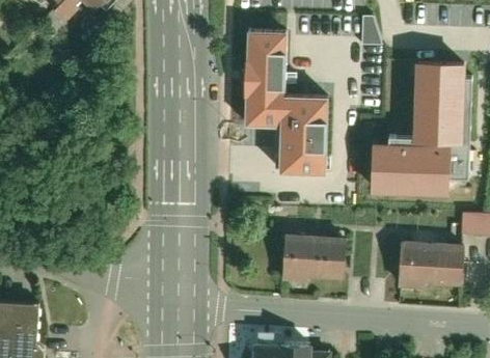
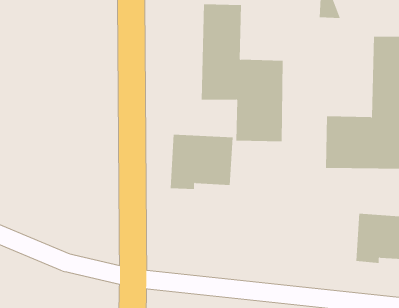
building: [281,227,345,282] -> [170,134,234,190]

